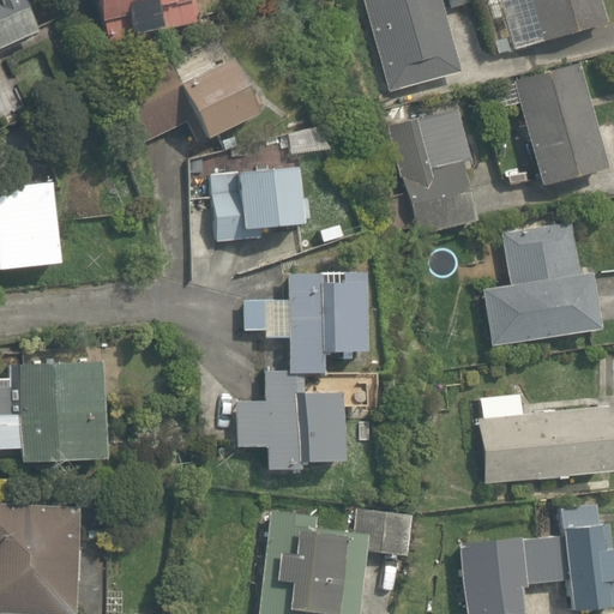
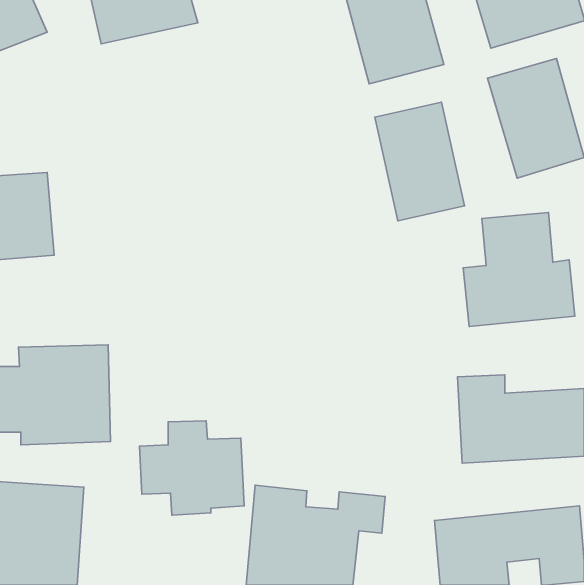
building: [134,58,263,143] -> none
building: [209,164,307,241] -> none
building: [242,267,375,369] -> none
building: [236,372,345,470] -> [140,421,244,515]

